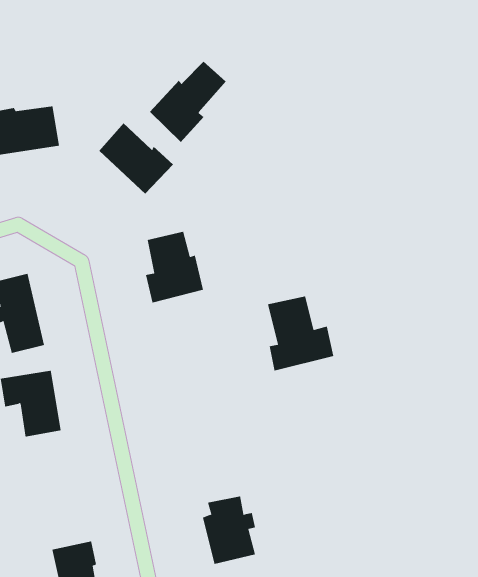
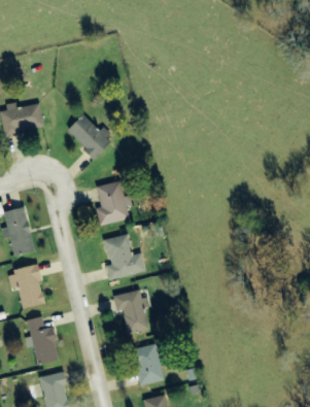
building: [149,61,226,143] -> none
building: [267,296,334,371] -> [104,234,145,280]
building: none -> [112,290,149,334]
building: none -> [24,316,58,364]

